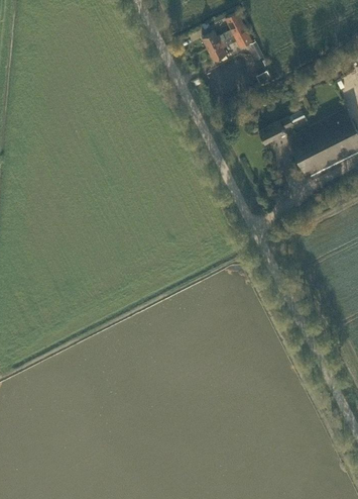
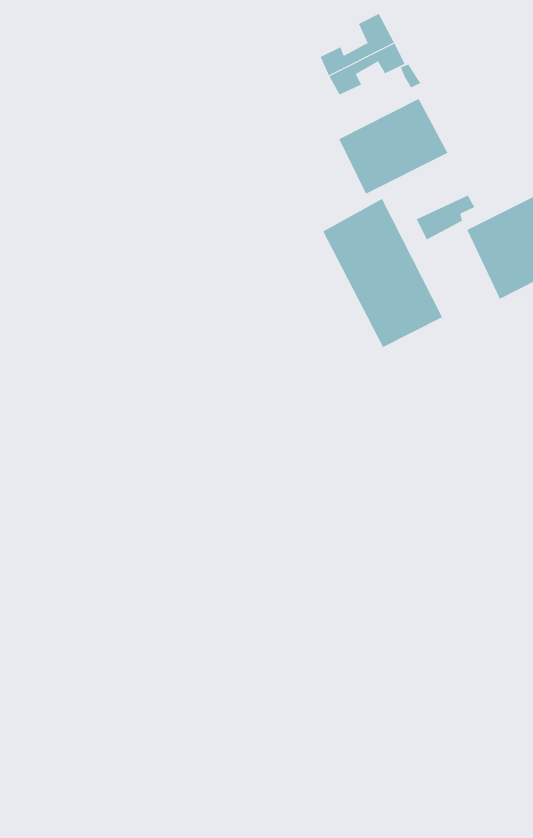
building: none -> [338,98,448,194]
building: none -> [323,198,443,348]

